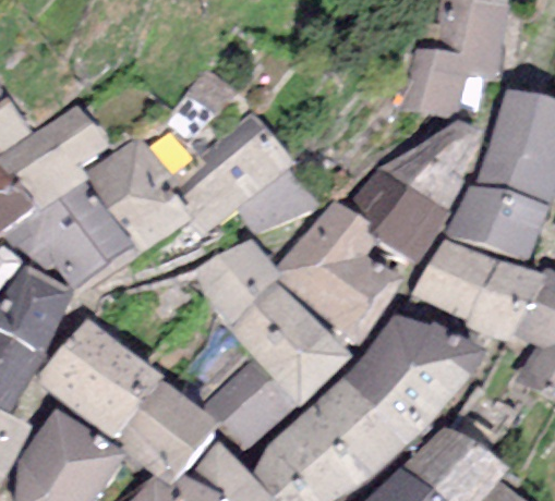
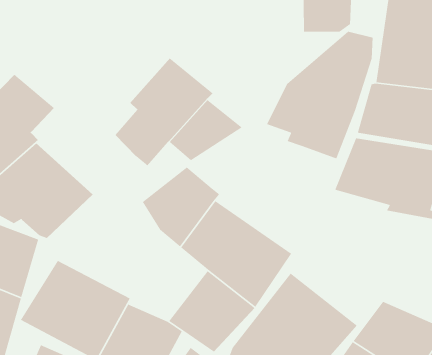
building: [83,134,194,253] -> none
building: [273,203,401,346] -> none
building: [343,316,484,449] -> none

